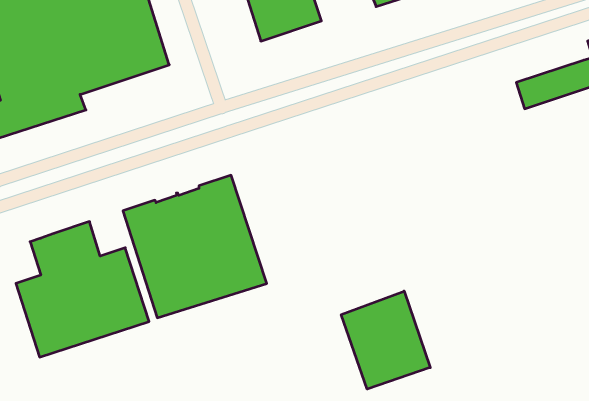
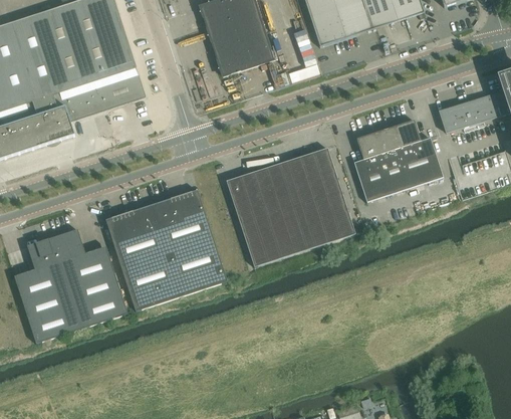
building: none -> [353,119,443,202]
building: none -> [233,147,349,266]
building: [341,291,430,389] -> none

